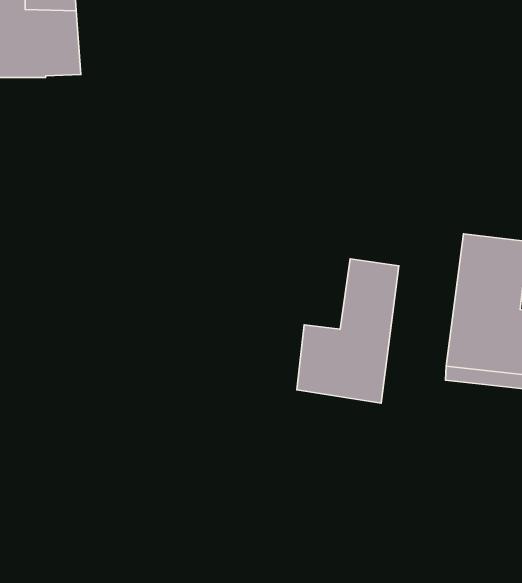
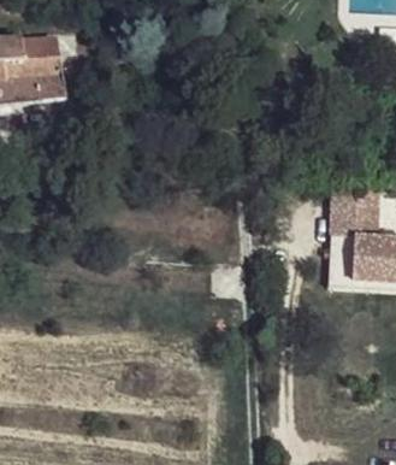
building: [297,259,399,403] -> none

